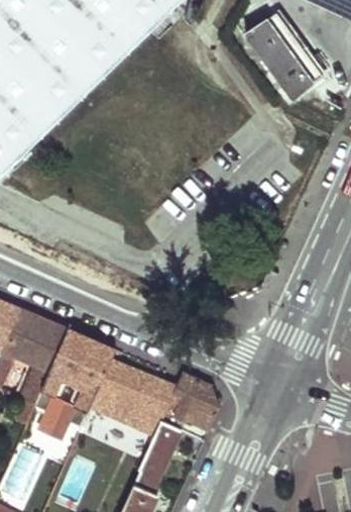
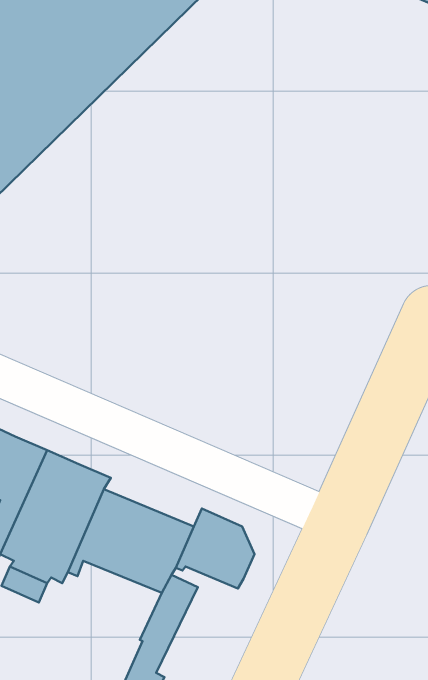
building: [232,8,325,94] -> none

